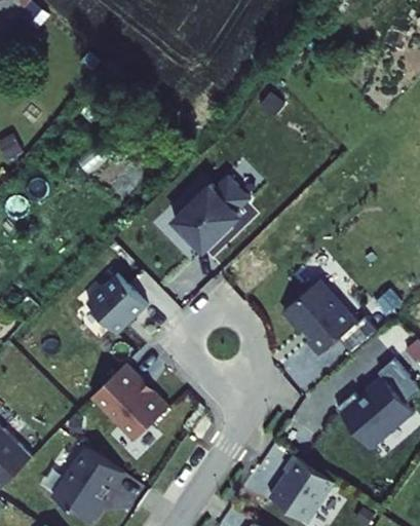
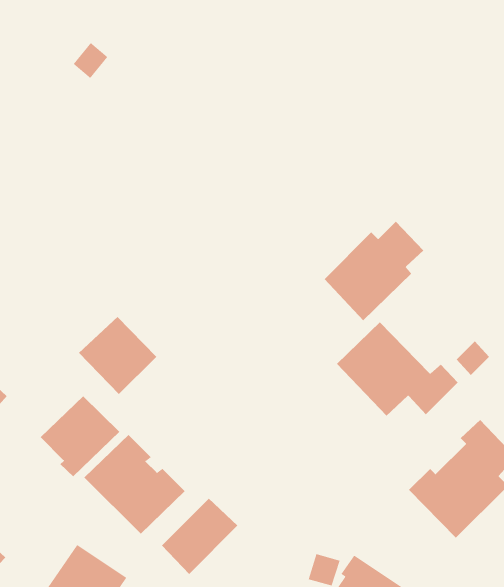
building: [173,175,249,251] -> [324,221,424,321]
building: none -> [40,396,120,477]
building: none -> [161,498,238,575]

